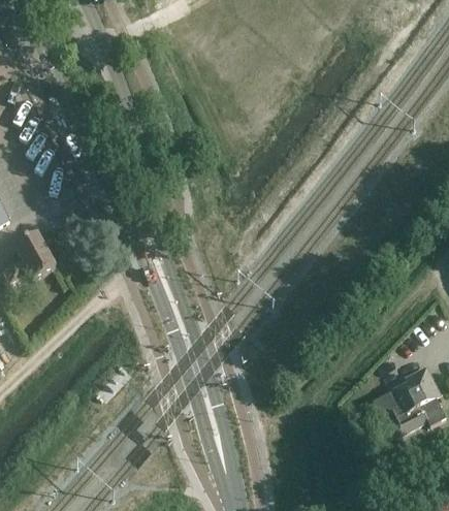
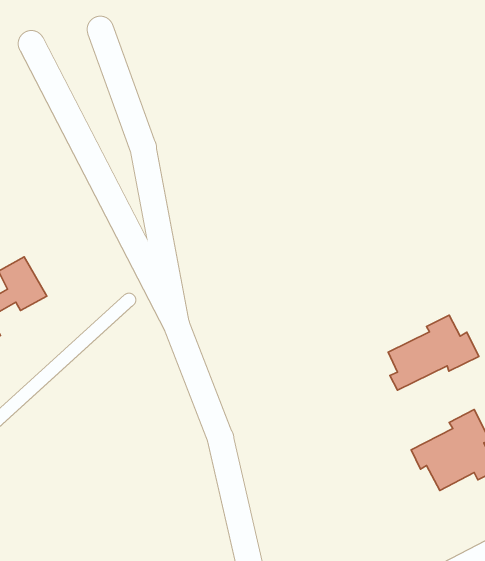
building: none -> [388,315,479,390]

